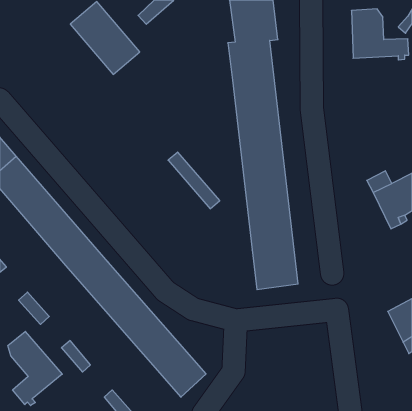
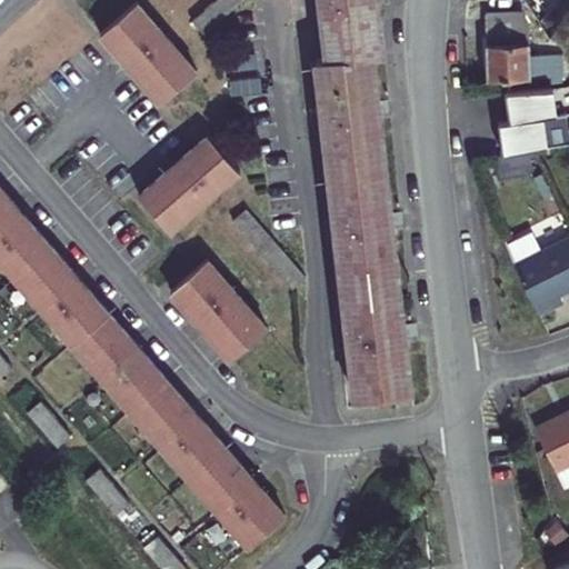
building: none -> [497,92,553,158]
building: none -> [137,138,237,233]
building: none -> [170,261,264,360]
building: [8,331,62,406] -> none

